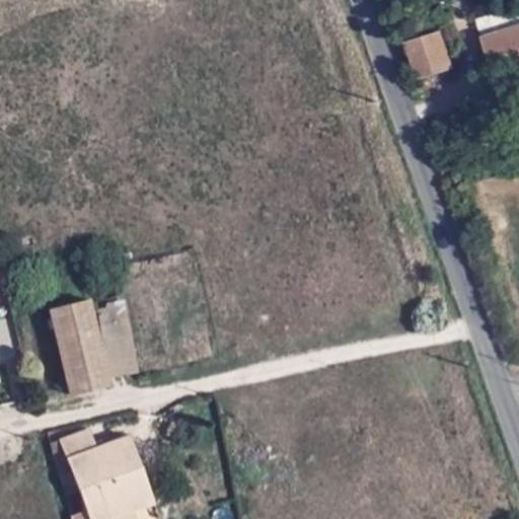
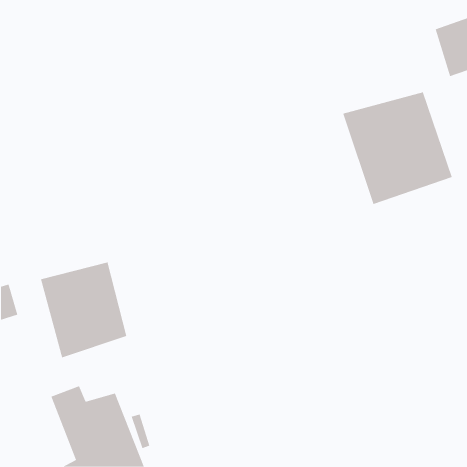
building: [404,30,457,83] -> none
building: none -> [343,92,452,205]

